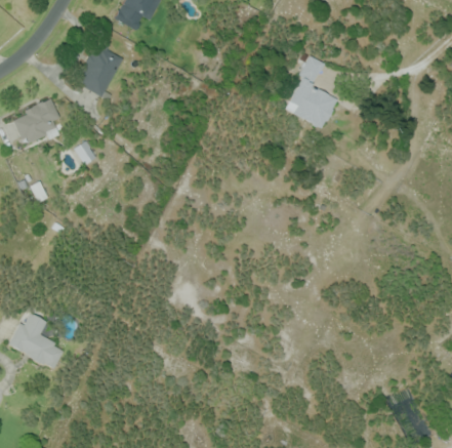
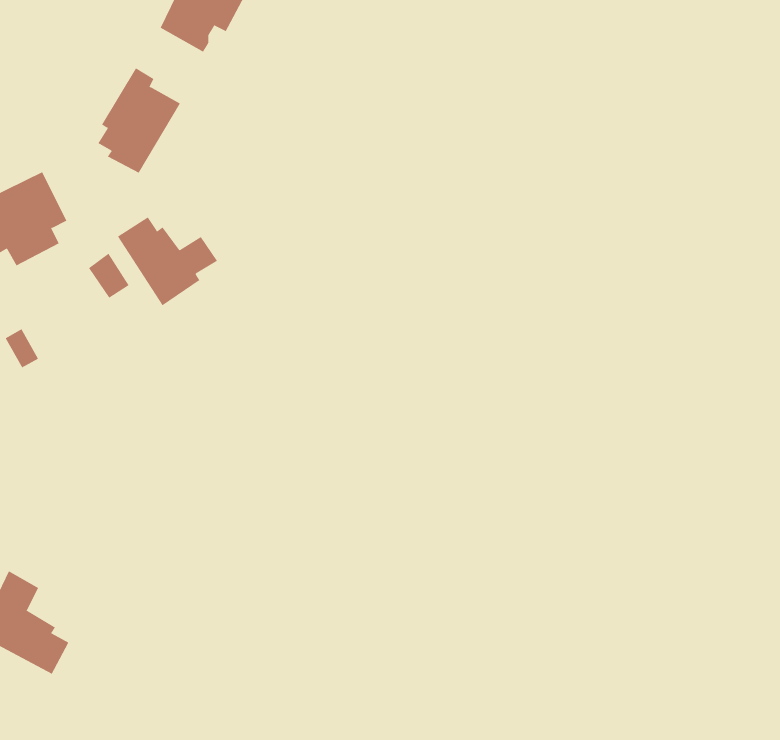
building: [286,55,337,129] -> none
building: none -> [117,217,218,306]

